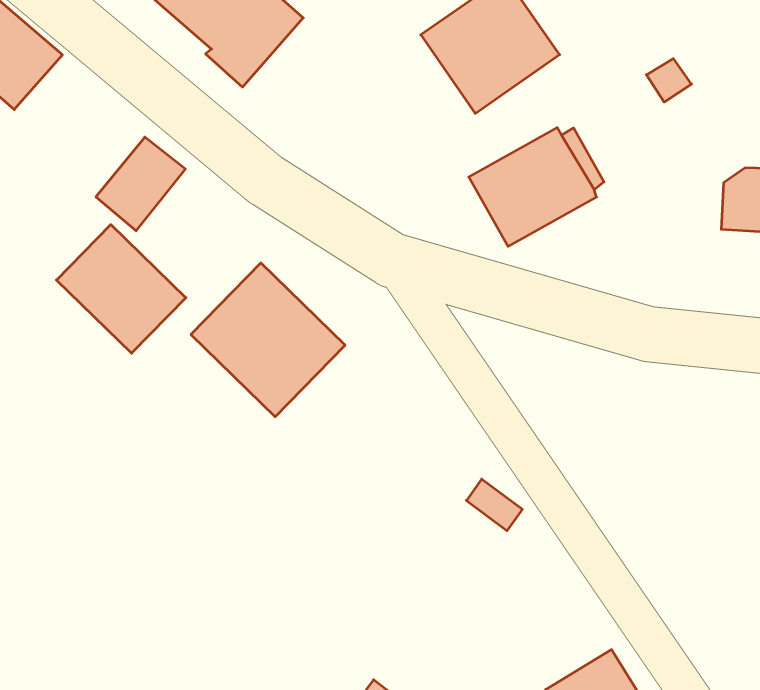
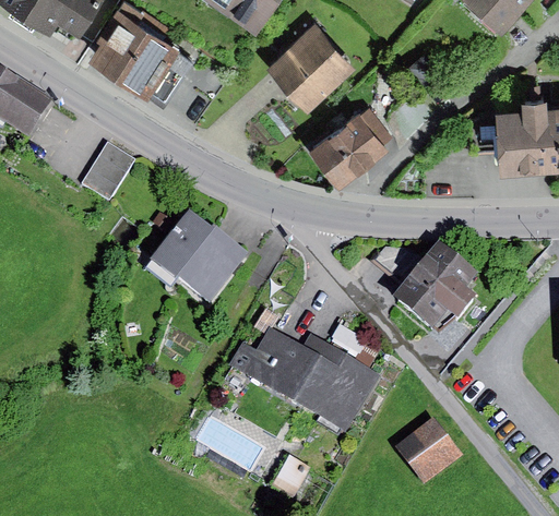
building: [56,225,186,353] -> none
building: none -> [393,241,476,329]
building: none -> [228,328,381,434]

